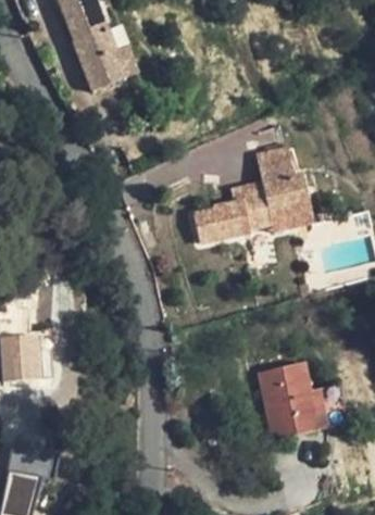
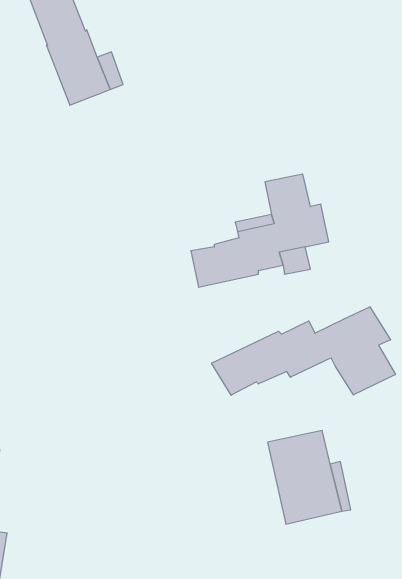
building: none -> [212,307,395,395]

